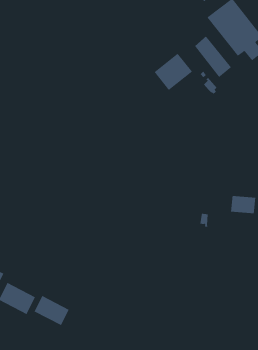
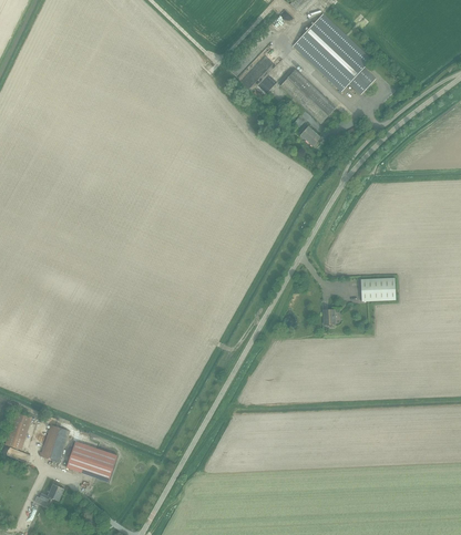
building: [154,53,193,91] -> none
building: [34,295,70,326] -> none

